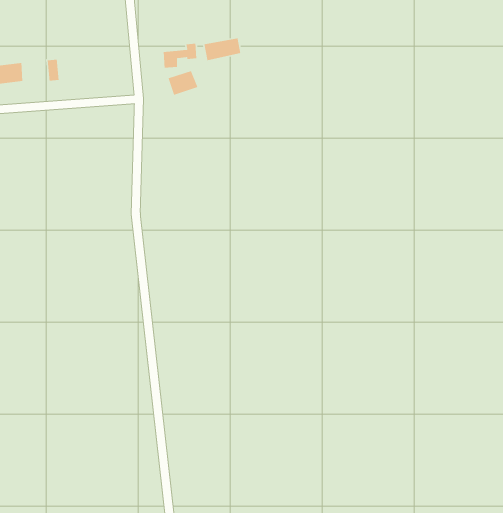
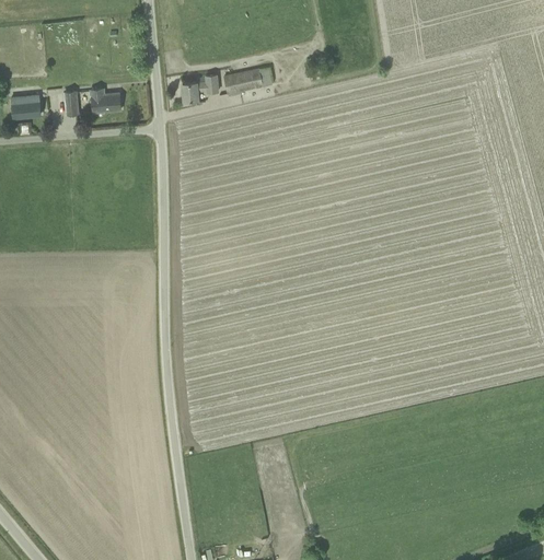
building: none -> [91,89,121,112]
building: [167,70,199,96] -> none

